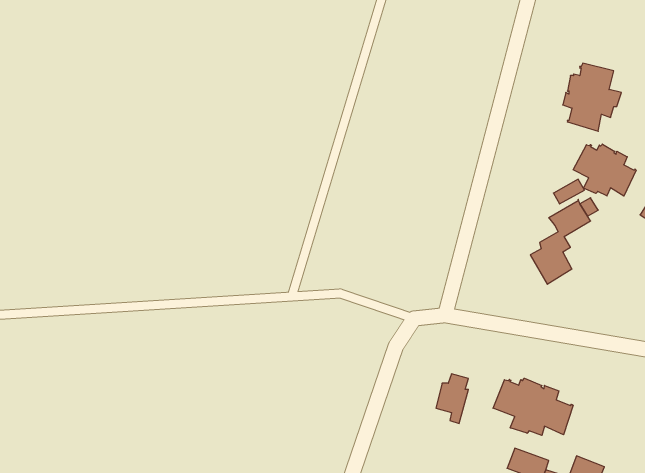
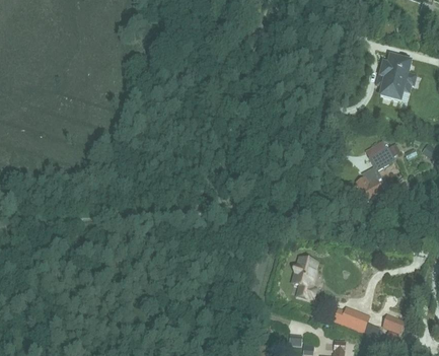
building: [573,144,636,196] -> none
building: [493,378,573,435] -> none

